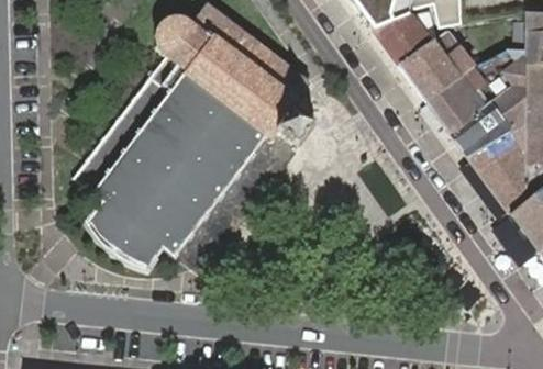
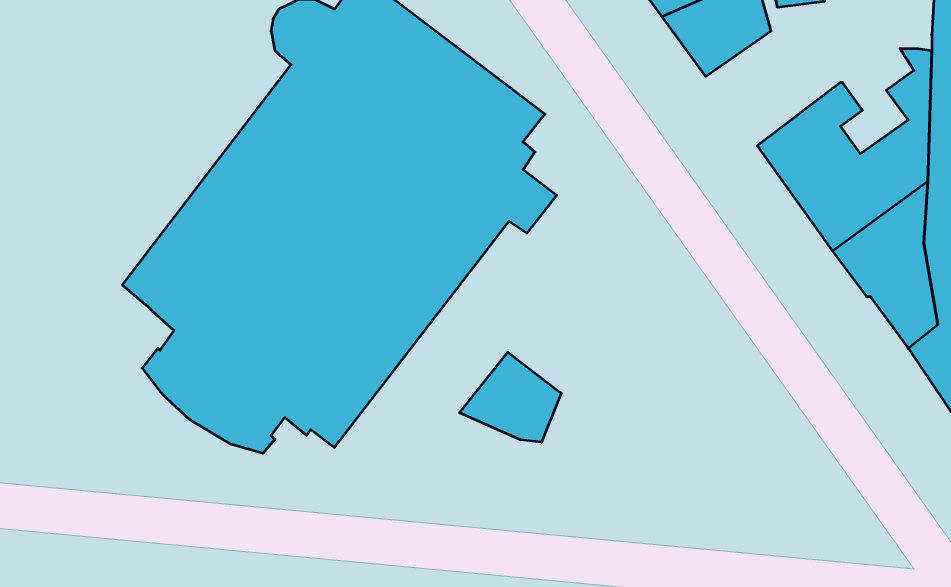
building: [399,27,474,99] -> none
building: none -> [460,352,561,442]

